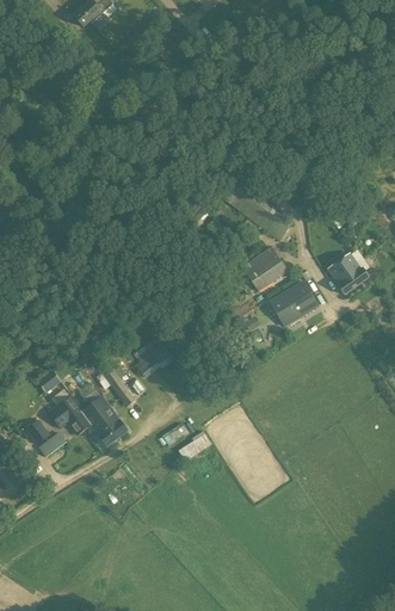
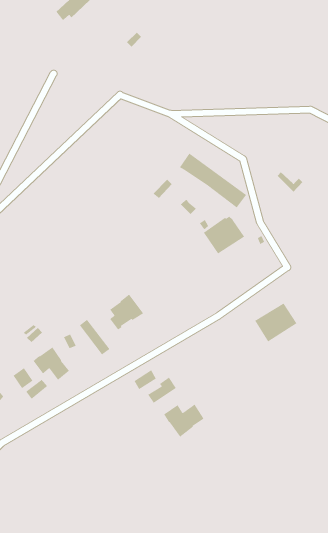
building: [328,252,369,294] -> none
building: [270,280,319,326] -> [254,302,297,342]
building: [81,395,126,445] -> none
building: none -> [163,404,206,438]

